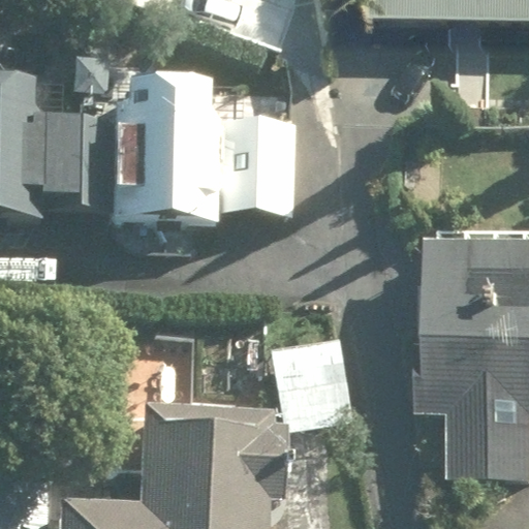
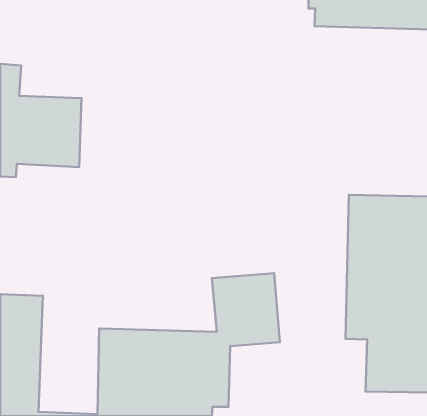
building: [108,81,293,221] -> none

